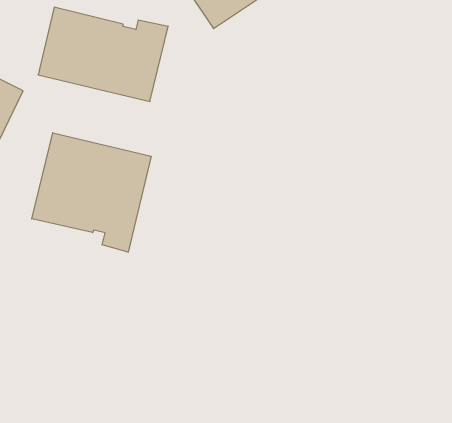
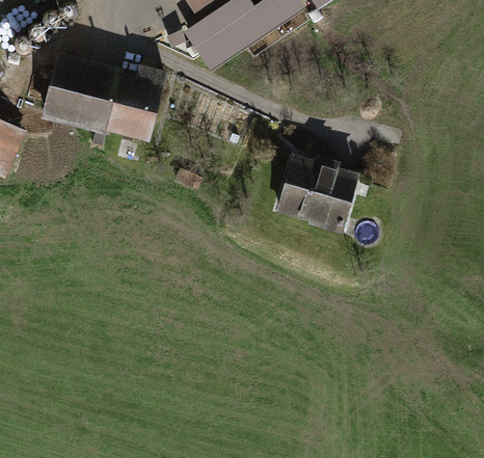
building: none -> [275,152,359,233]
building: [32,133,151,252] -> none

